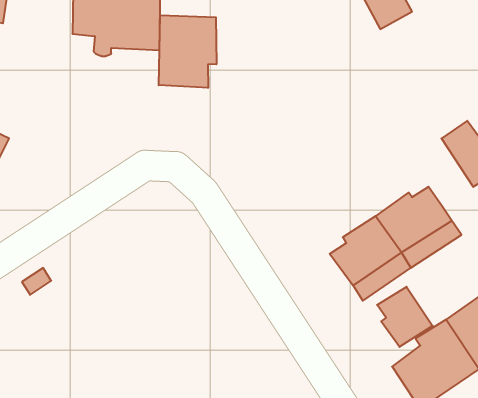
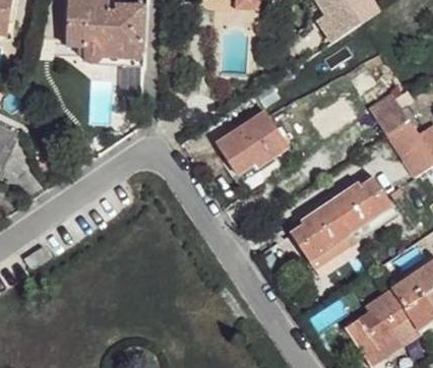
building: [159,15,216,88] -> none
building: none -> [366,91,408,133]
building: none -> [218,110,289,171]
building: [377,287,433,347] -> none

